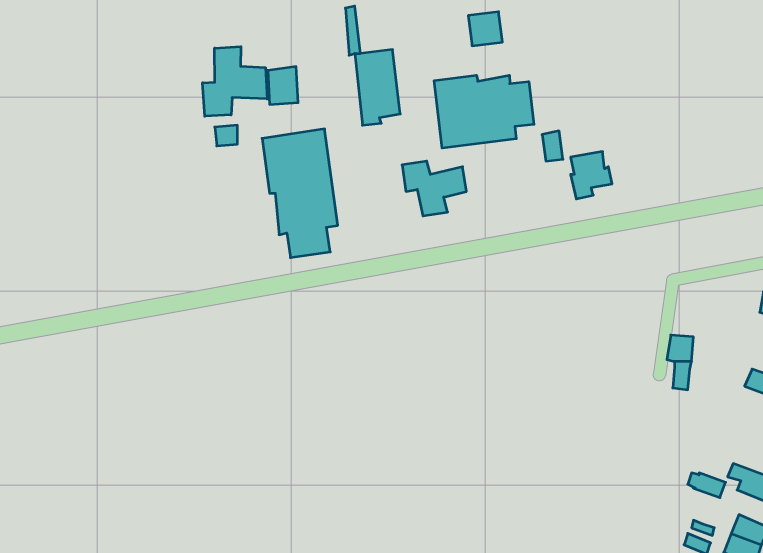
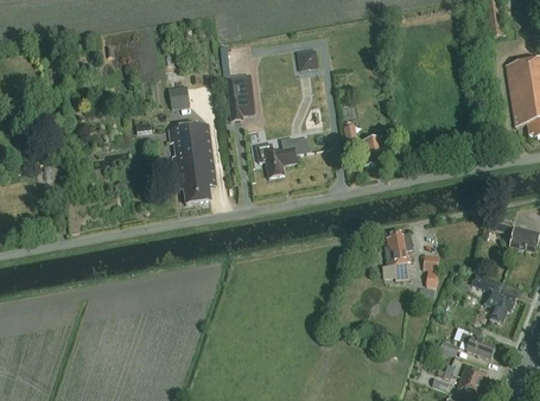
building: [203,47,267,116] -> none
building: [434,75,534,148] -> none
building: none -> [383,230,412,279]

